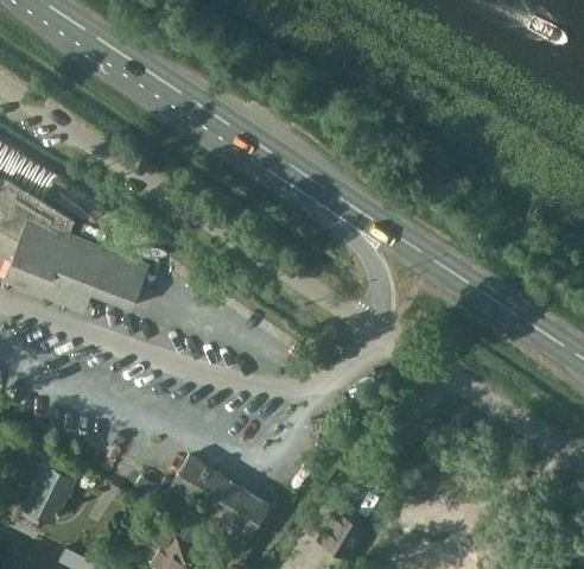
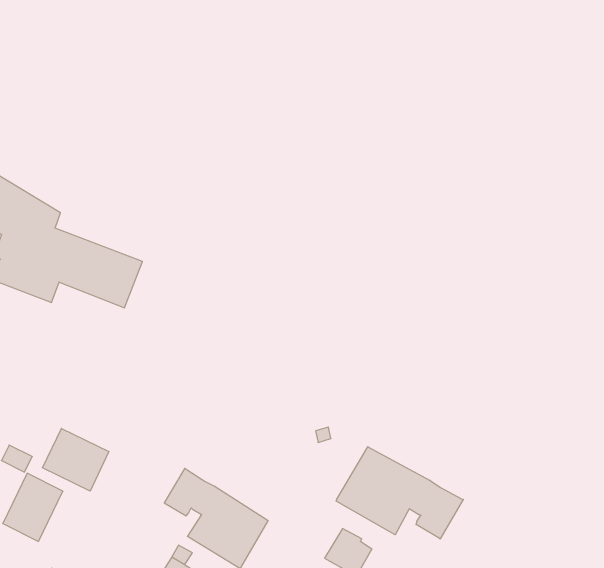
building: none -> [43,428,109,491]
building: none -> [336,447,463,539]

